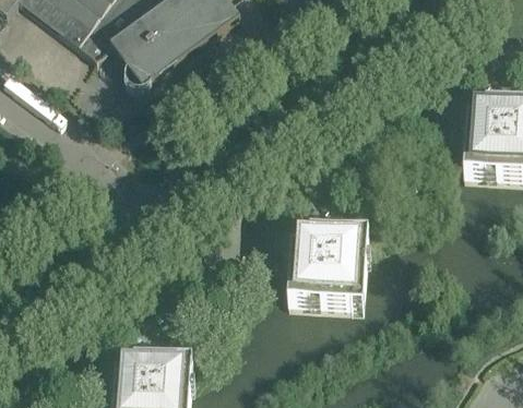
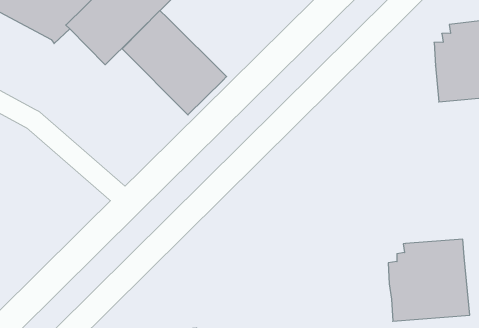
building: none -> [122,11,227,115]
building: [289,225,370,304] -> [388,239,470,321]

